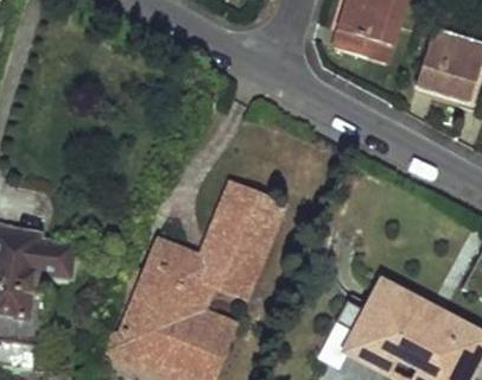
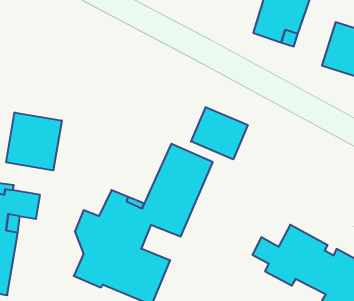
building: none -> [191,107,248,159]
building: none -> [6,112,62,170]

